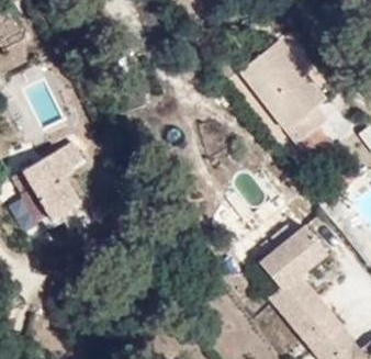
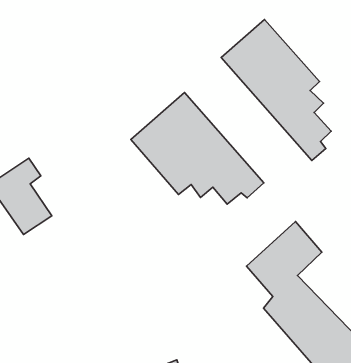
building: none -> [131,92,264,204]

